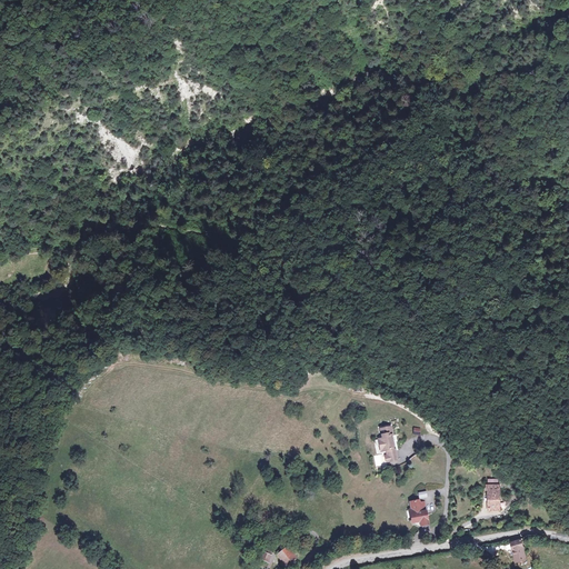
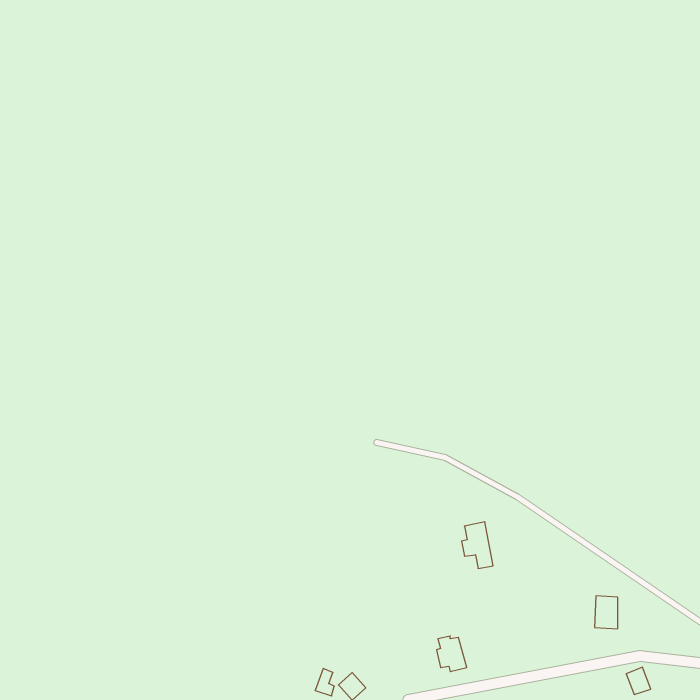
building: [407,500,431,529] -> [437,636,467,672]

